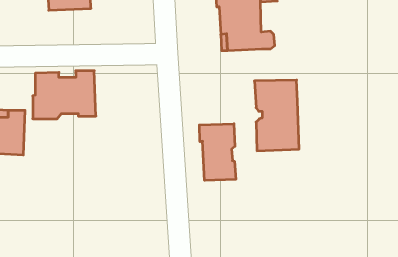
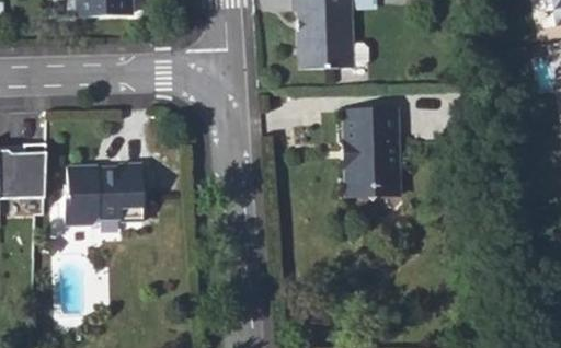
building: [33,71,96,119] -> [62,163,145,225]
building: [199,124,236,180] -> none

